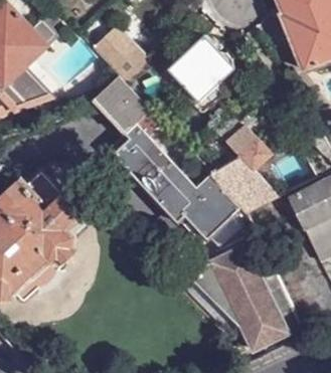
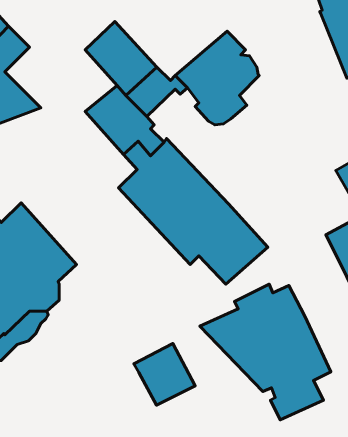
building: [208,105,275,210] -> none
building: none -> [134,344,195,405]

